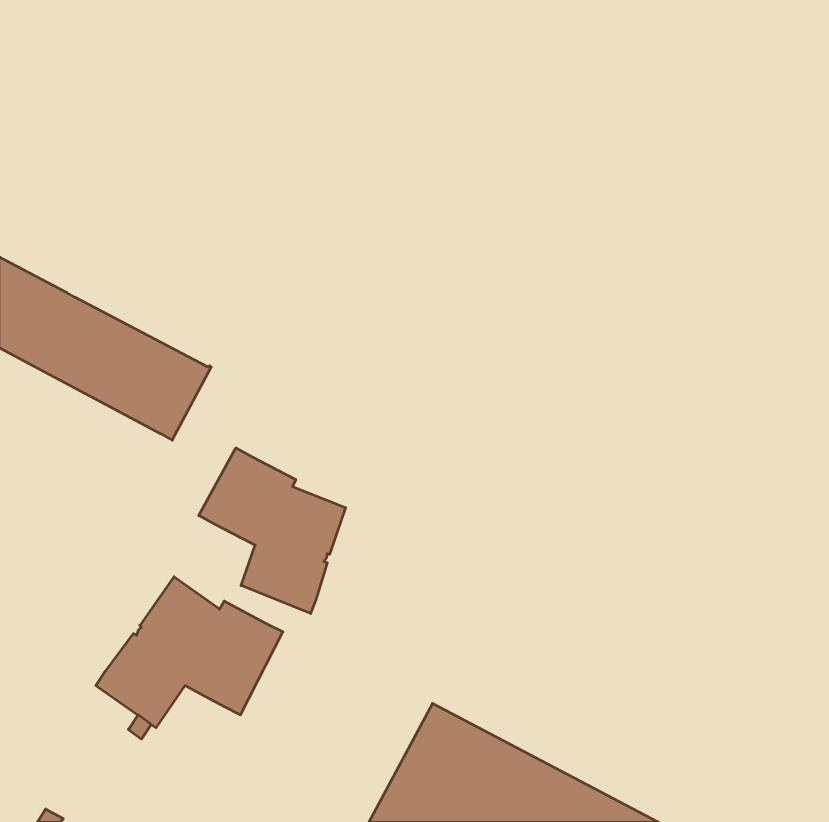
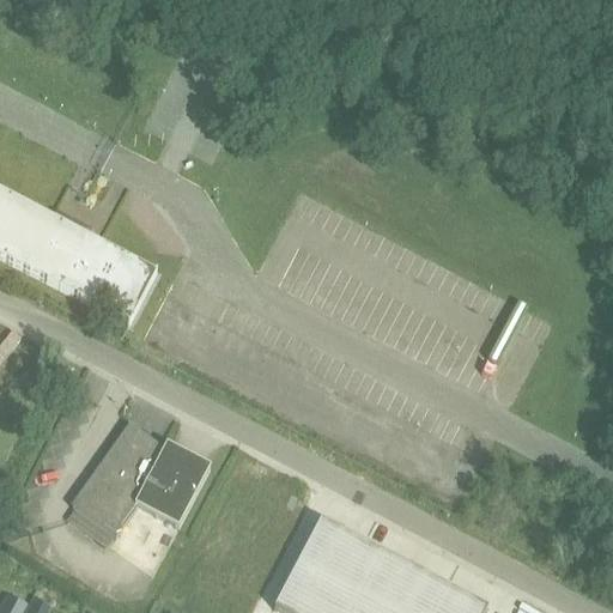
building: [199,448,346,614] -> none

